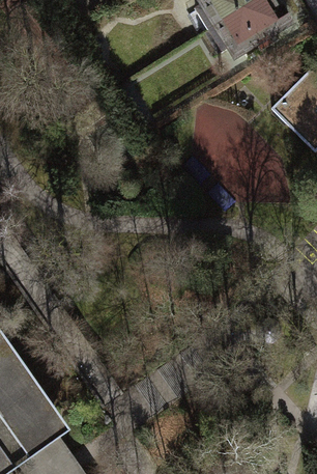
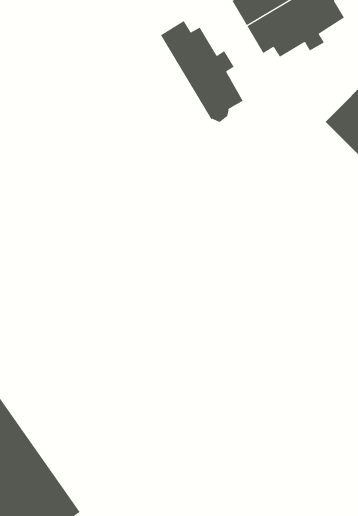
building: none -> [160,20,244,123]

